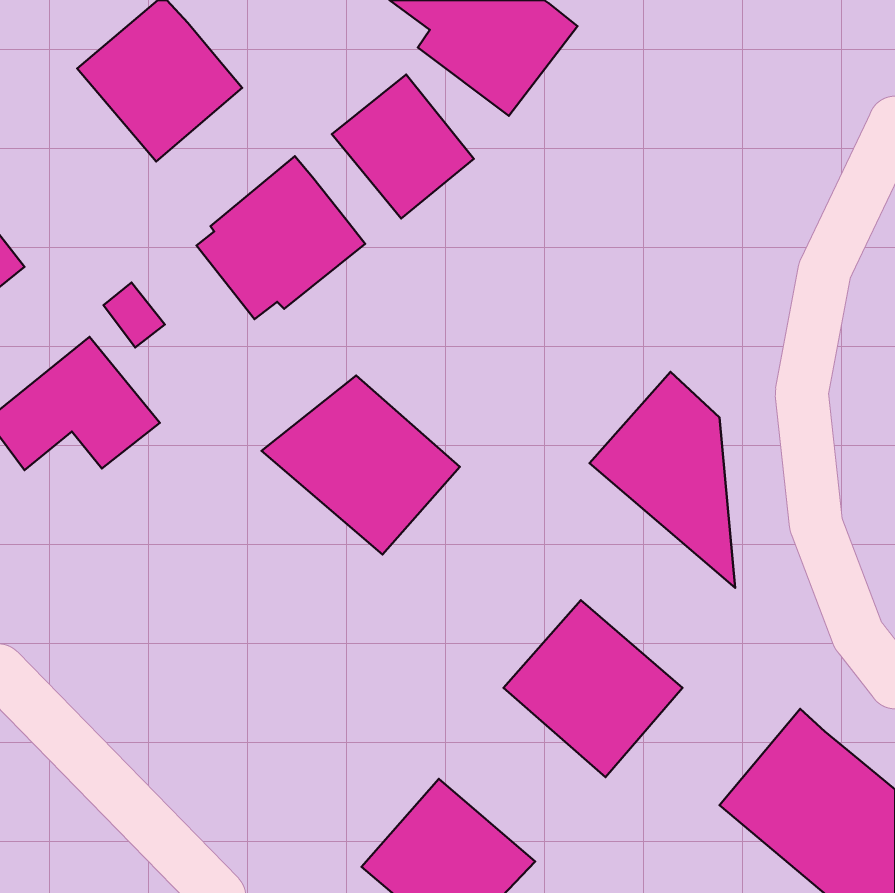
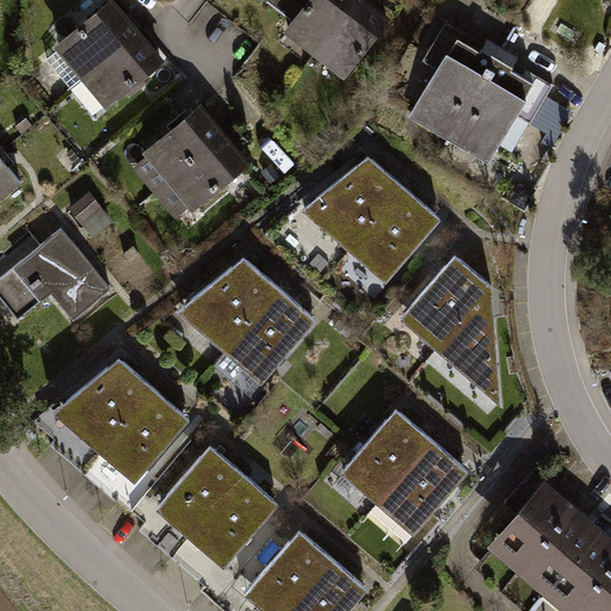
building: none -> [409,23,551,166]
building: [332,75,474,219] -> none
building: none -> [303,158,438,280]
building: none -> [53,359,186,480]
building: none -> [156,448,274,566]

